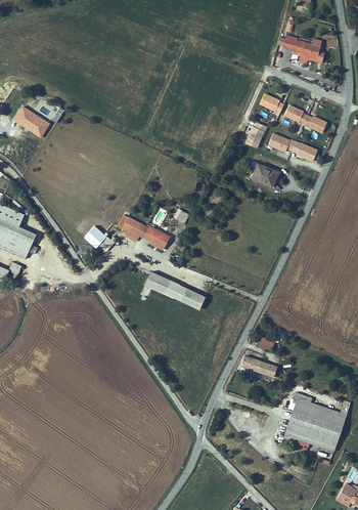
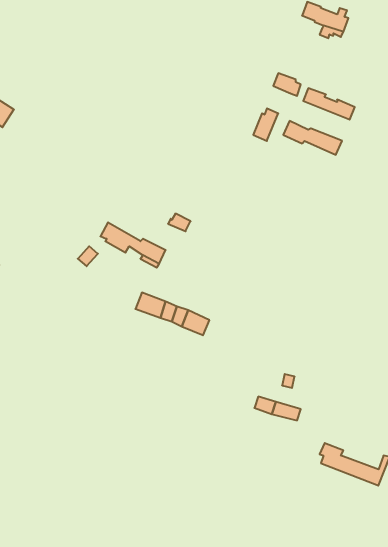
building: [250,161,278,186] -> none
building: [287,411,346,454] -> none

